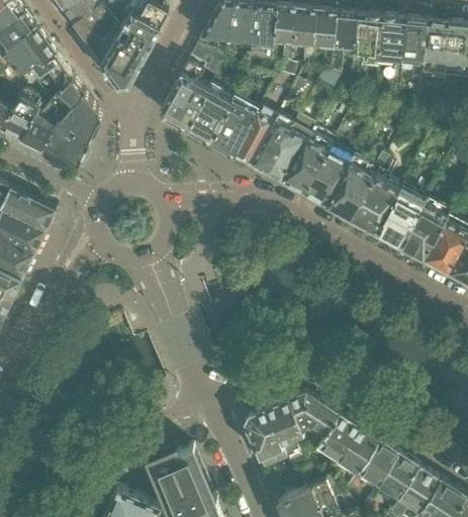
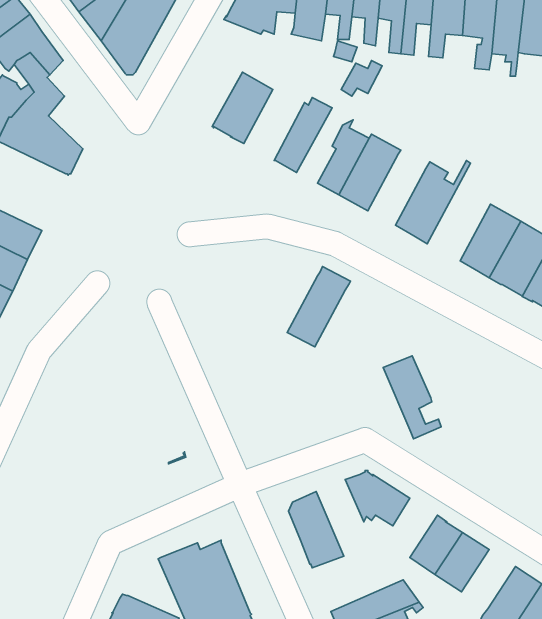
building: [160,46,222,128] -> none
building: [59,78,100,145] -> none
building: [209,100,255,154] -> none
building: [250,114,293,172] -> none
building: [304,142,353,204] -> [287,267,350,347]
building: [350,157,398,231] -> none
building: [265,399,309,462] -> [383,356,441,439]
building: [315,413,358,458] -> none
building: [376,452,417,498] -> none

